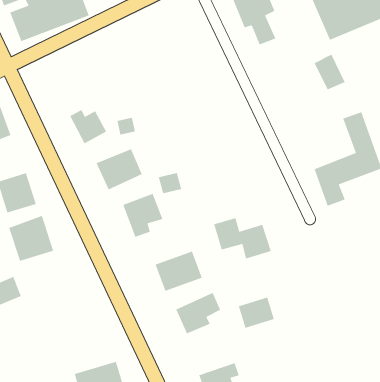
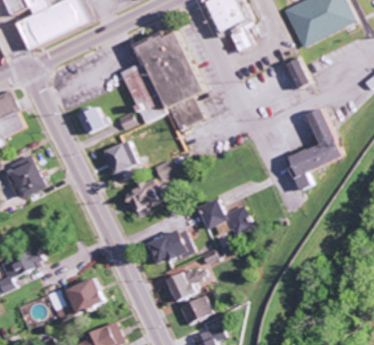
building: none -> [120,31,205,130]
building: [8,215,54,262] -> none
building: [238,297,275,329] -> [176,296,208,324]
building: none -> [65,277,104,315]

